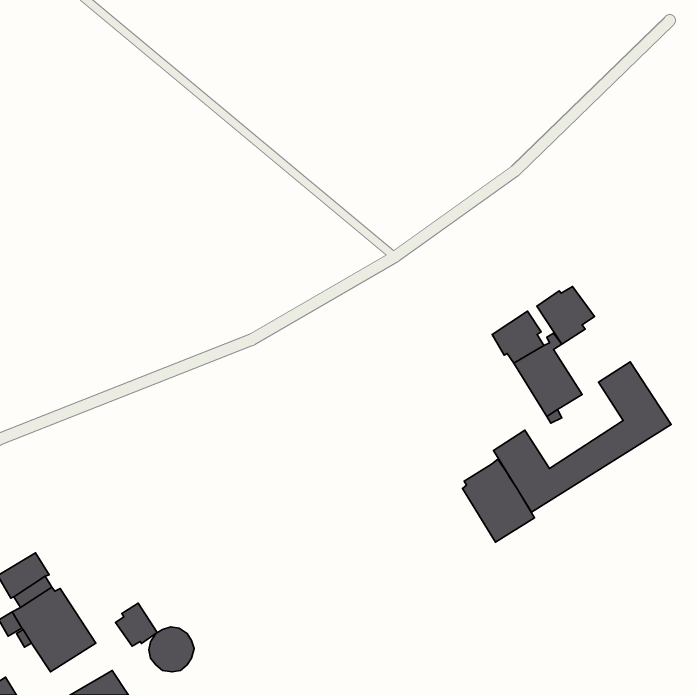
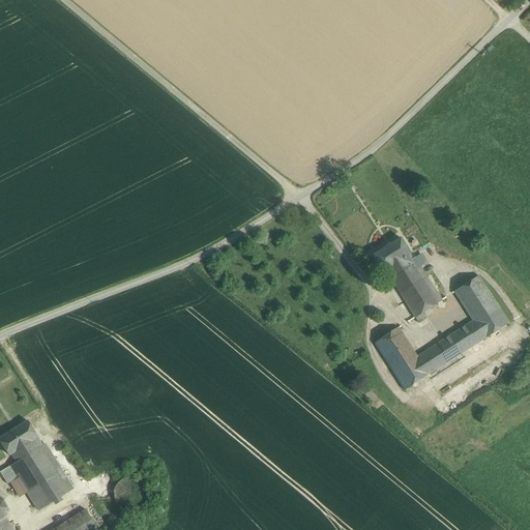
building: [537,286,594,344] -> none
building: [462,459,535,542] -> none
building: [116,603,157,646] -> none

